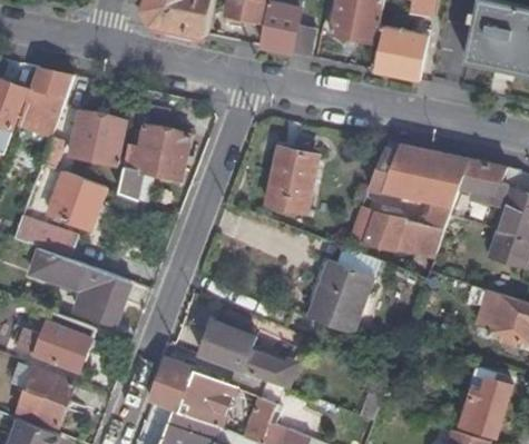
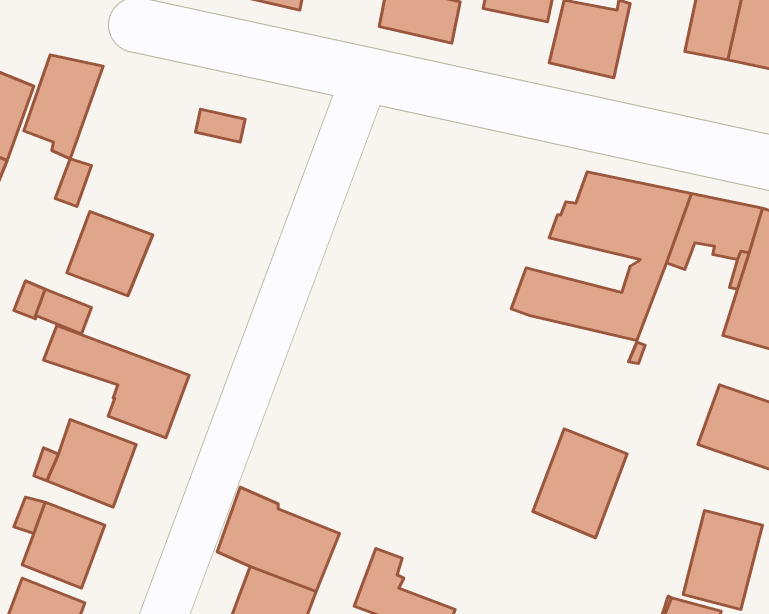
building: [68,110,125,164] -> none
building: [119,125,190,201] -> none
building: [265,148,317,215] -> none
building: [306,262,370,335] -> [533,429,627,538]
building: [197,319,293,388] -> none

